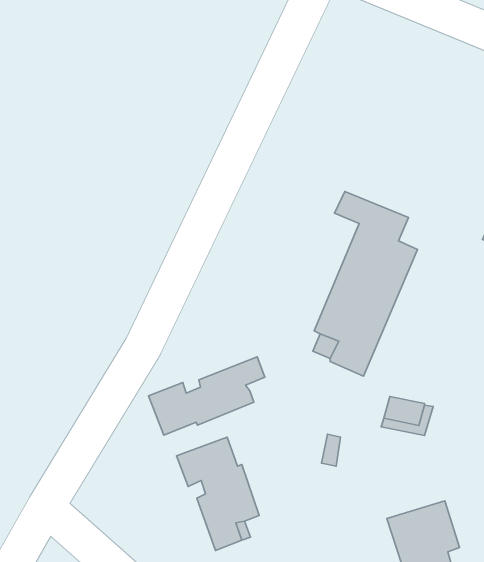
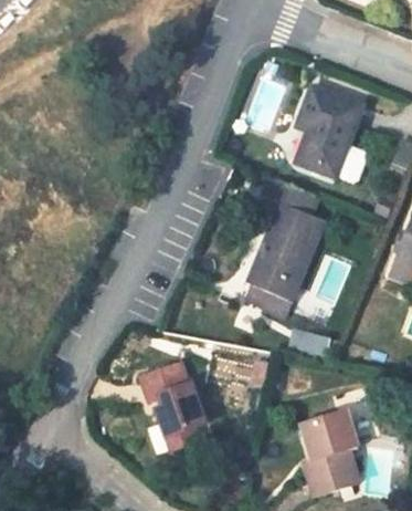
building: none -> [298,86,362,177]
building: [148,357,265,435] -> none

